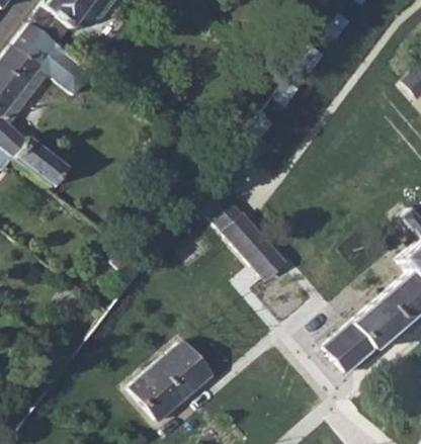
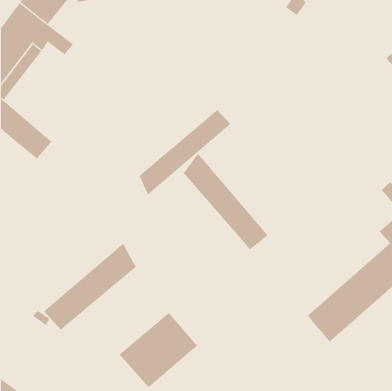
building: none -> [139,109,231,195]
building: none -> [43,243,136,330]

